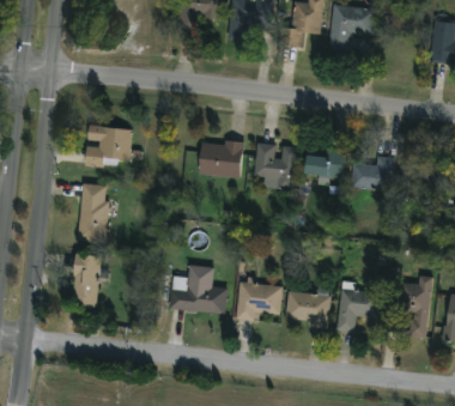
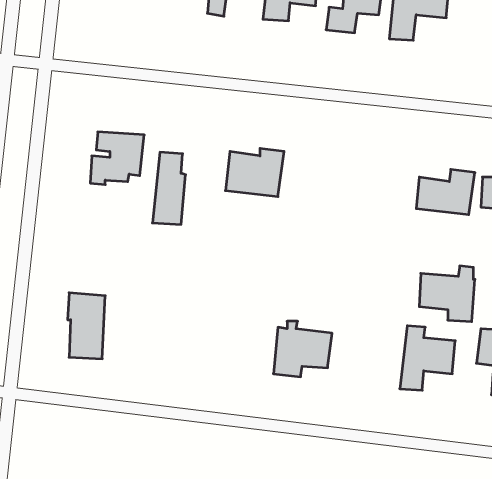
building: [254,143,298,189] -> none
building: [302,149,345,184] -> none
building: [83,183,109,241] -> [152,152,186,224]
building: [175,275,228,314] -> none
building: [286,285,330,329] -> [419,266,475,322]

